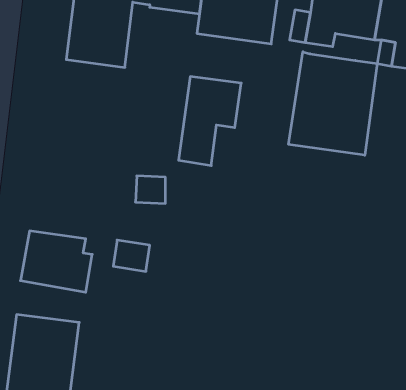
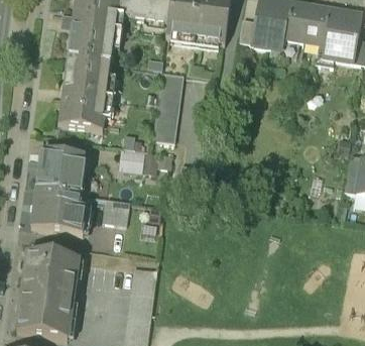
building: [289,52,377,155] -> none
building: none -> [58,56,112,130]
building: none -> [38,149,86,195]

